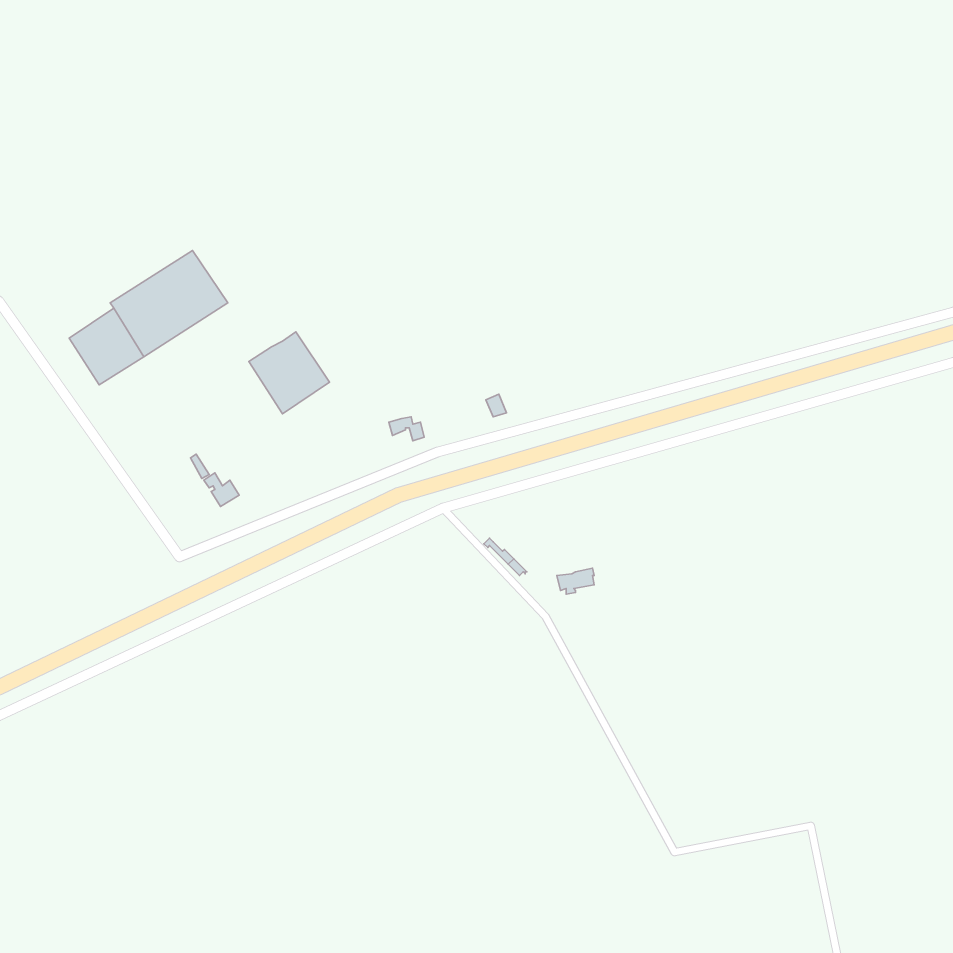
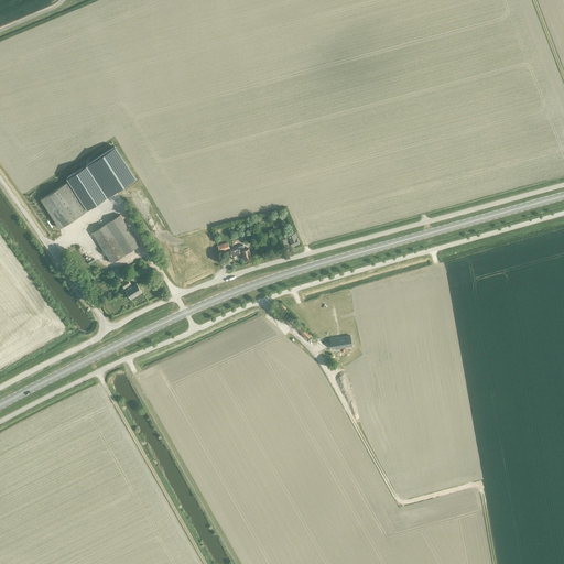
building: [249,332,329,414] -> [91,216,139,264]

